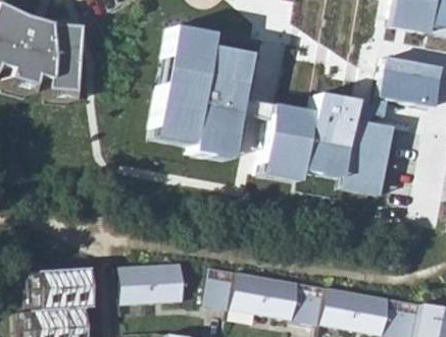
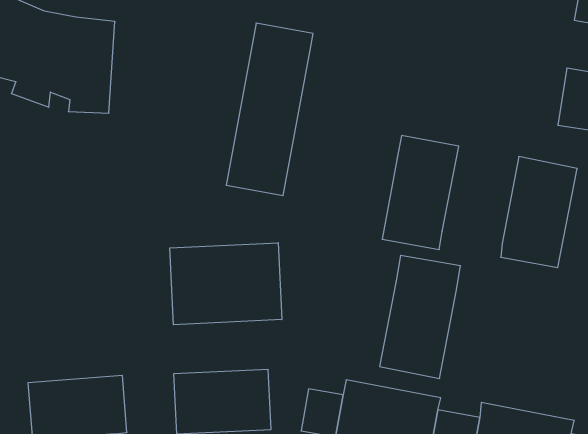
building: [194,47,252,158] -> none
building: [303,95,358,178] -> [380,255,461,378]
building: none -> [170,243,282,325]

